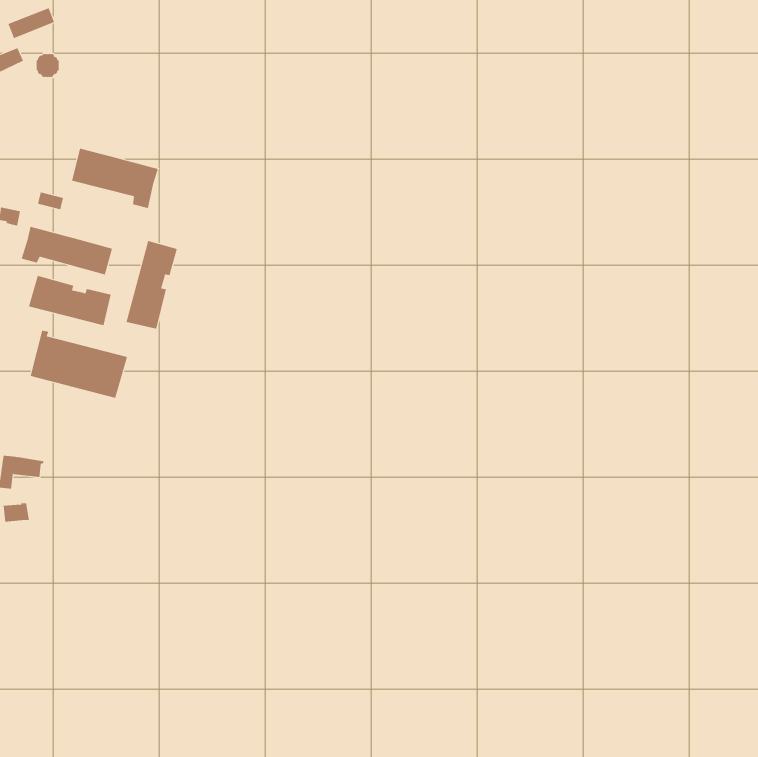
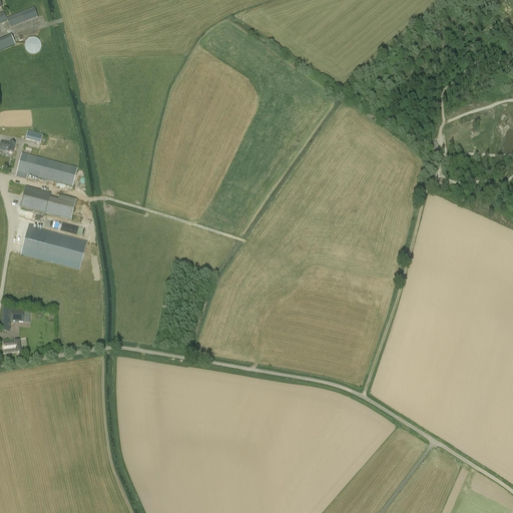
building: [72,148,158,209] -> none
building: [126,240,178,330] -> none

